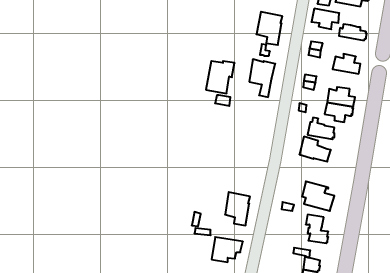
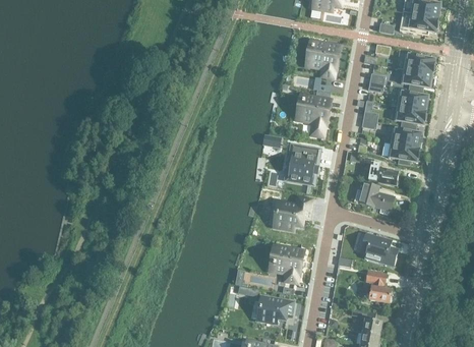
building: [311,9,339,29] -> [399,67,430,91]
building: [206,61,235,93] -> [287,146,319,182]
building: none -> [393,105,425,127]
building: none -> [274,196,310,229]

